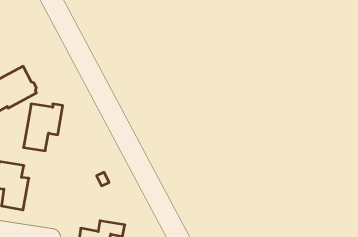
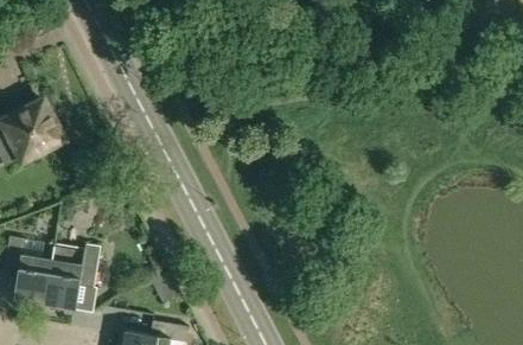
building: [23,104,63,151] -> [45,242,101,308]

